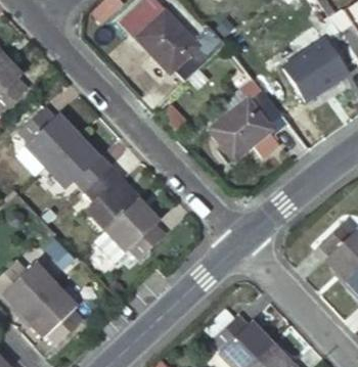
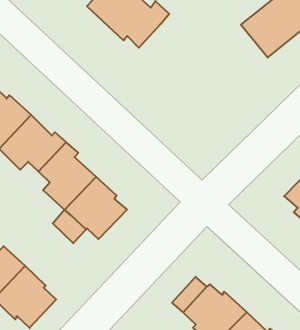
building: [214,89,285,159] -> none

